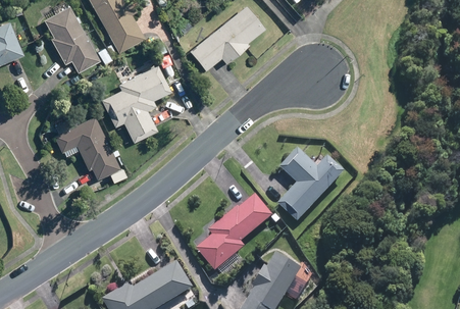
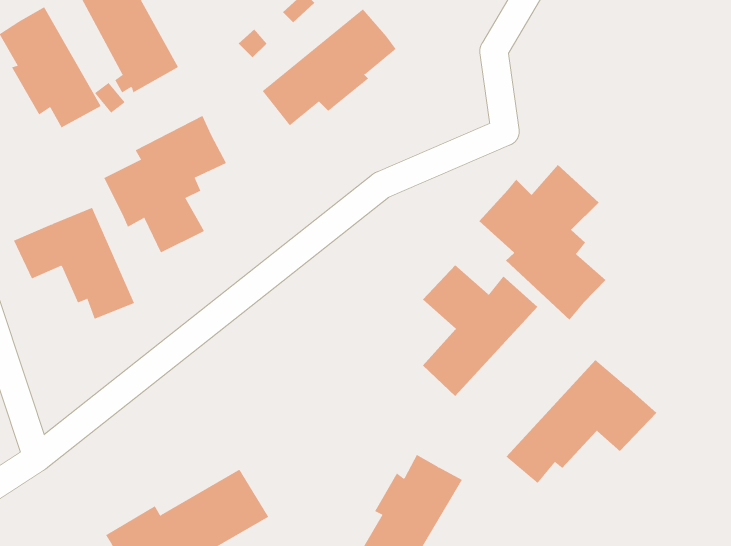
building: none -> [479,164,607,320]
building: [196,195,271,276] -> none
building: none -> [506,359,657,484]

